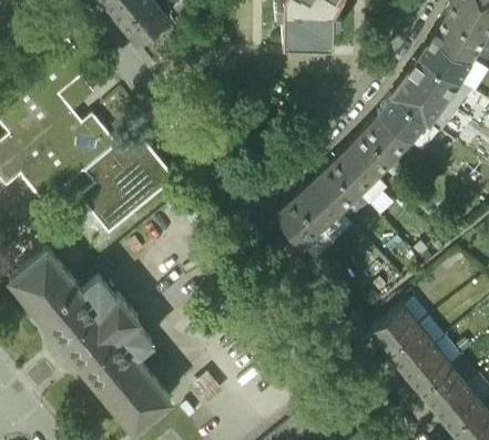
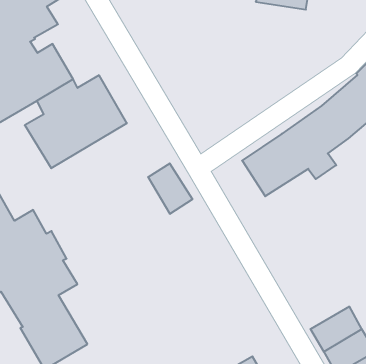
building: [275,201,322,249] -> [148,163,193,214]
building: [370,307,420,354] -> none

